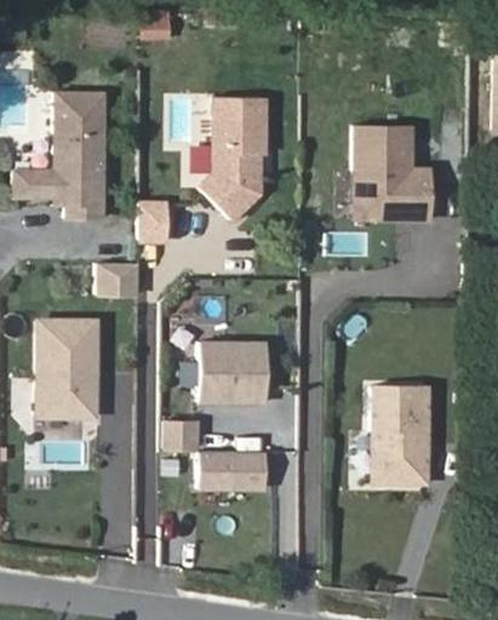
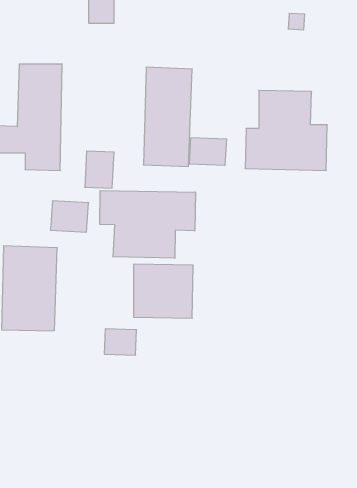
building: none -> [189,138,226,166]
building: none -> [100,191,195,258]
building: [368,385,433,487] -> none
building: [196,450,268,493] -> none

